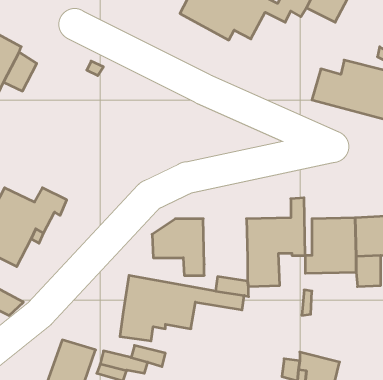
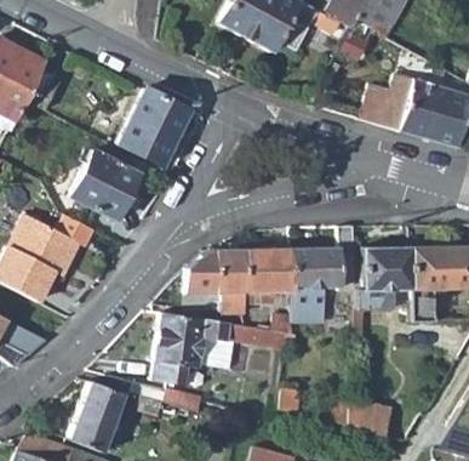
building: none -> [119,89,188,164]
building: none -> [72,149,138,218]
building: none -> [244,249,292,298]

